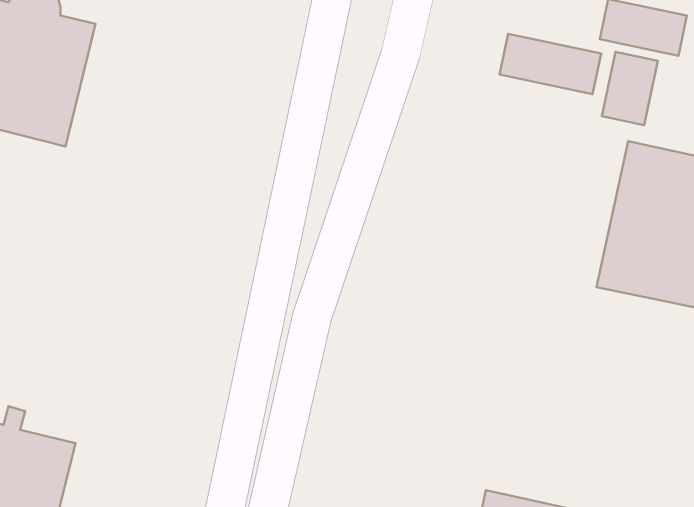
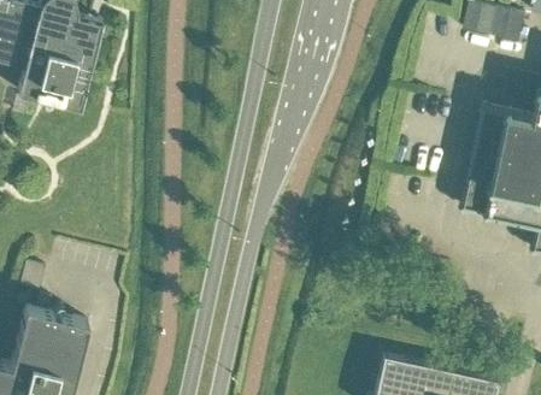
building: [499,34,601,94] -> none
building: [602,52,658,125] -> none

